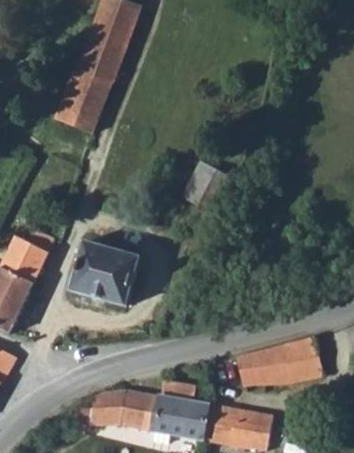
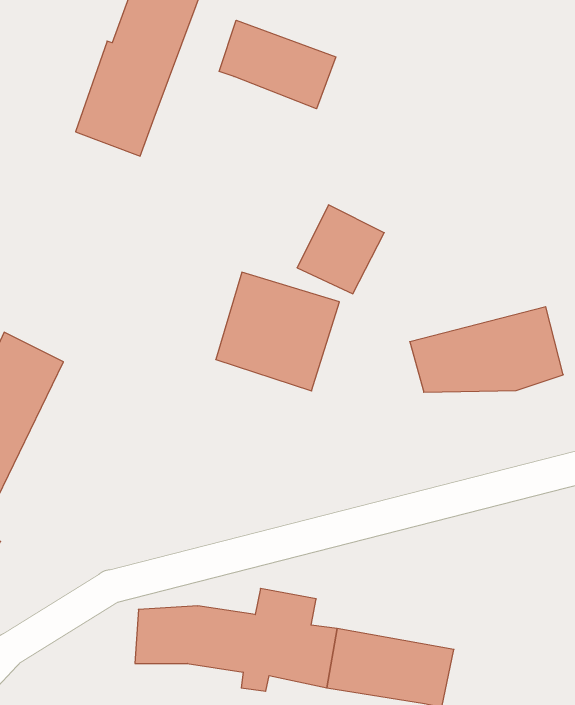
building: none -> [219,20,336,109]
building: [70,241,141,309] -> [216,272,339,391]
building: [233,336,321,385] -> [410,307,563,392]

